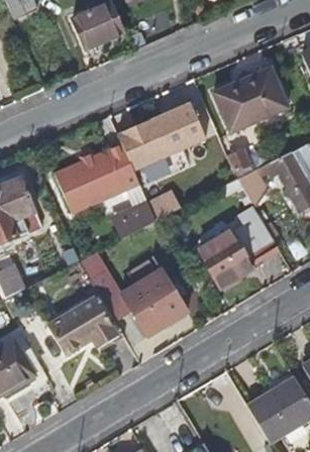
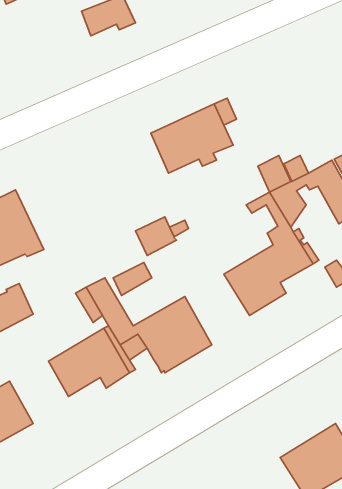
building: [211,69,286,133] -> none
building: [56,143,139,212] -> none

